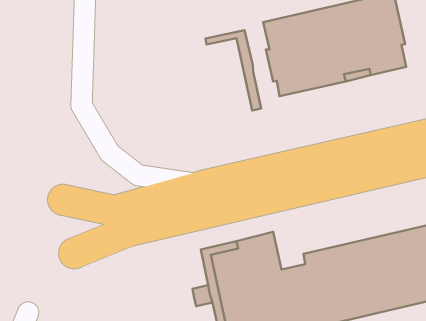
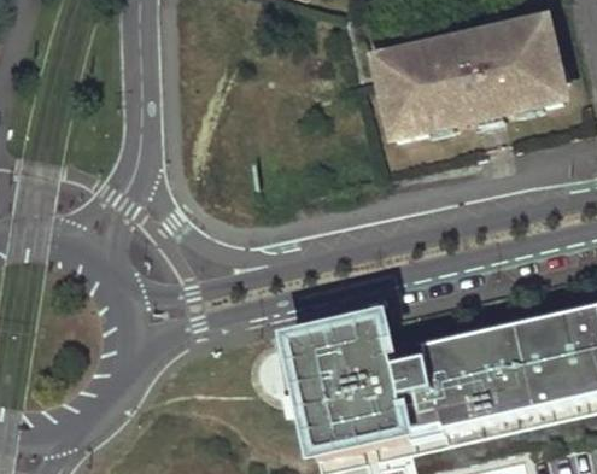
building: [206,30,261,110] -> none

